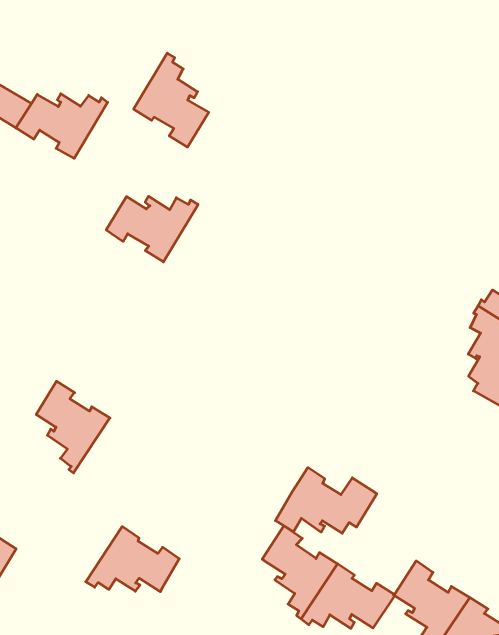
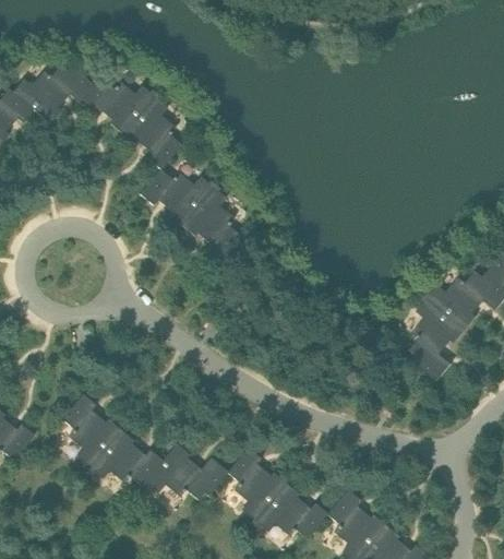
building: [134,53,209,147] -> [123,93,182,169]
building: none -> [182,183,240,260]
building: [36,381,110,473] -> [62,394,120,468]
building: [275,468,377,533] -> [145,443,228,499]

